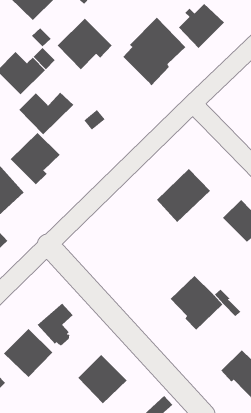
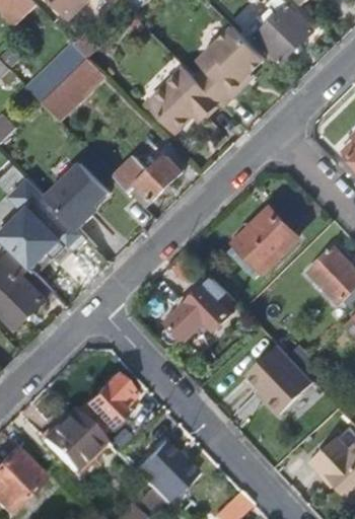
building: [57,18,113,70] -> [149,68,218,133]
building: [19,92,74,135] -> [115,154,184,208]
building: none -> [160,277,230,345]

